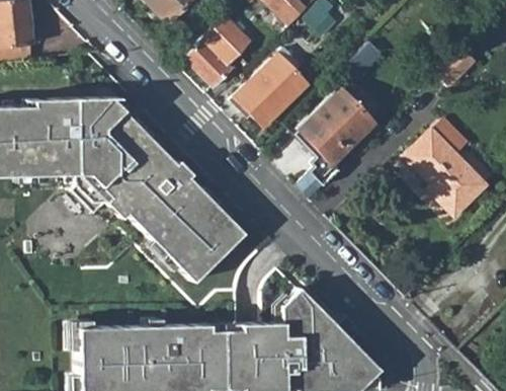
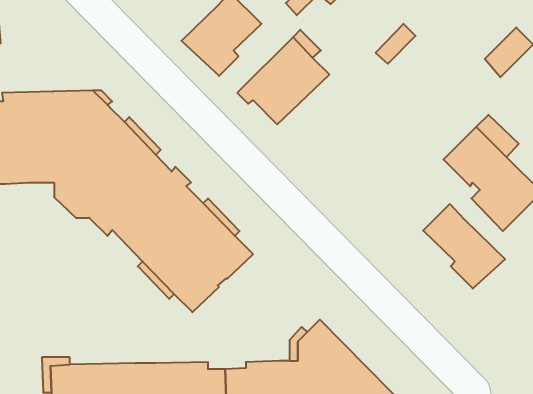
building: [298,88,371,198] -> none
building: none -> [423,204,505,289]

